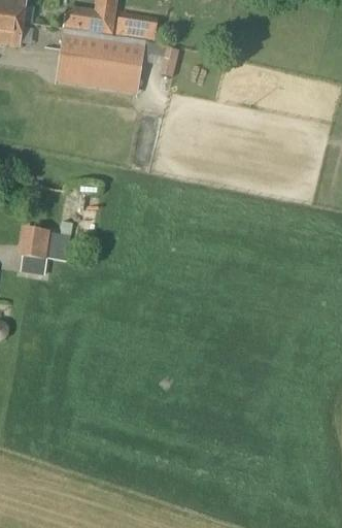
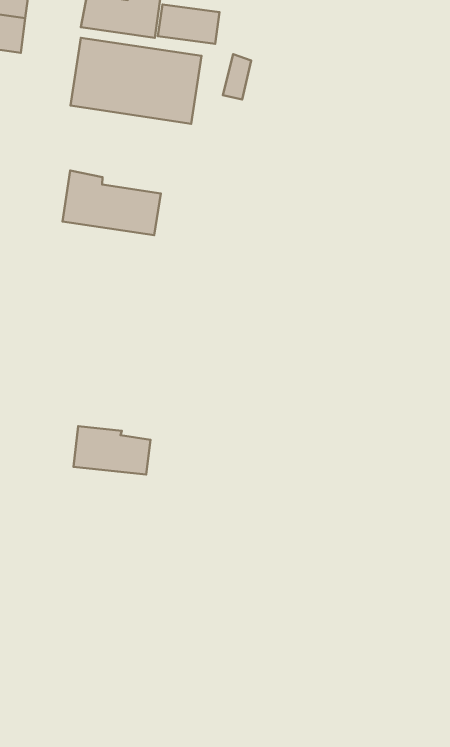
building: none -> [63,171,161,235]
building: [19,227,71,260] -> [74,426,151,474]

